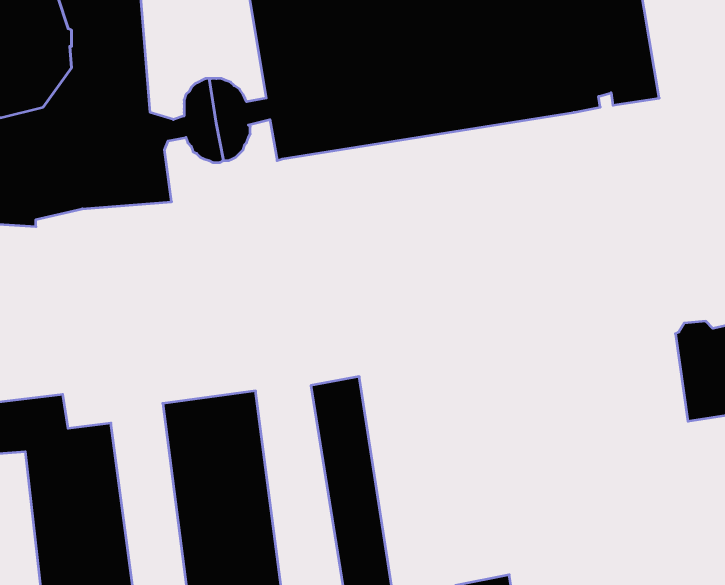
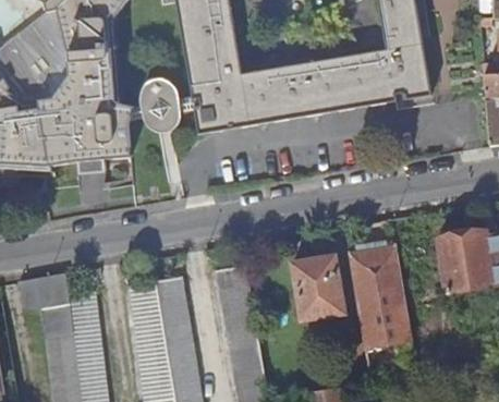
building: none -> [349,244,412,348]
building: none -> [292,254,343,317]

